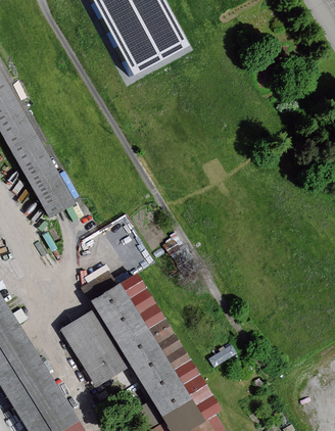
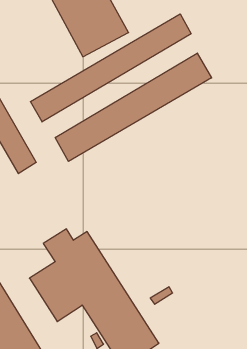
building: none -> [30,14,191,122]
building: none -> [55,53,212,161]

